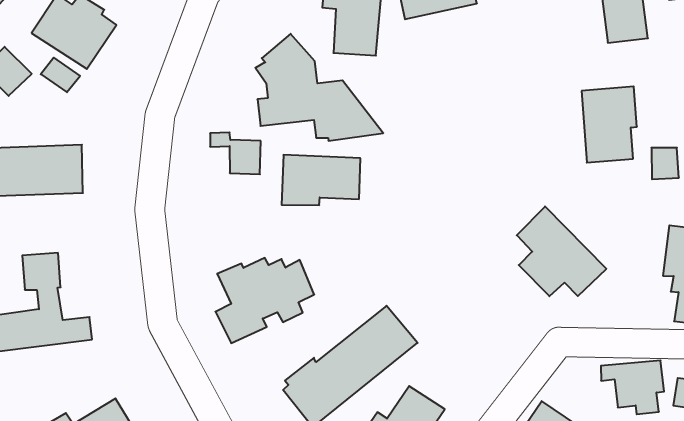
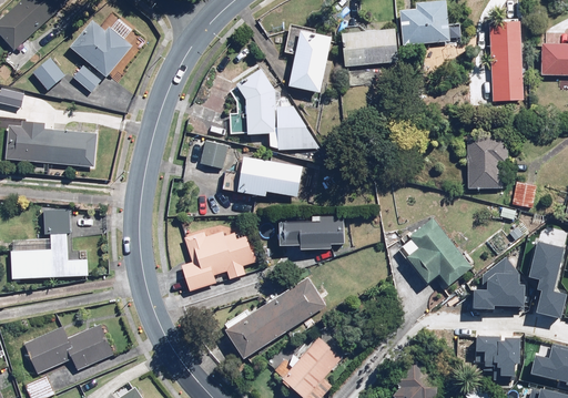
building: none -> [280,215,343,249]
building: none -> [454,257,509,310]

